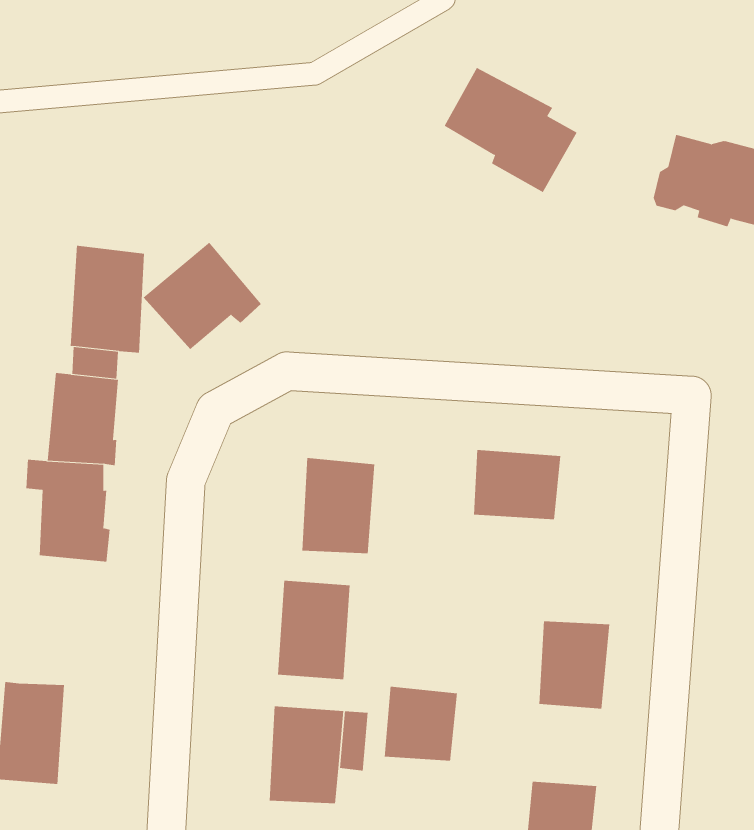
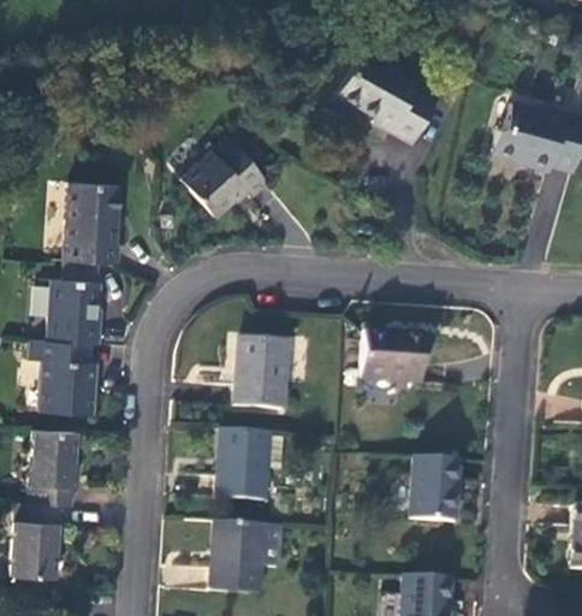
building: [143,242,262,350] -> [180,137,268,217]
building: none -> [26,428,78,507]
building: [384,686,458,761] -> none

